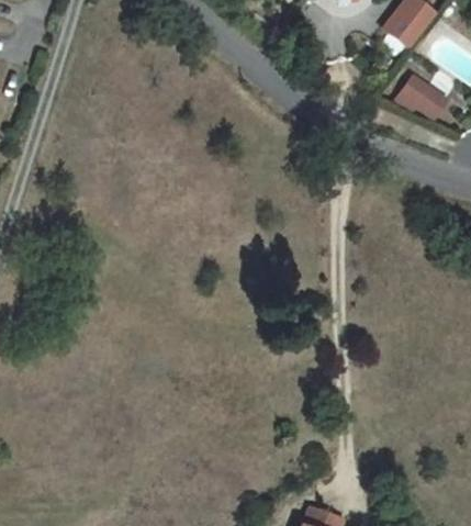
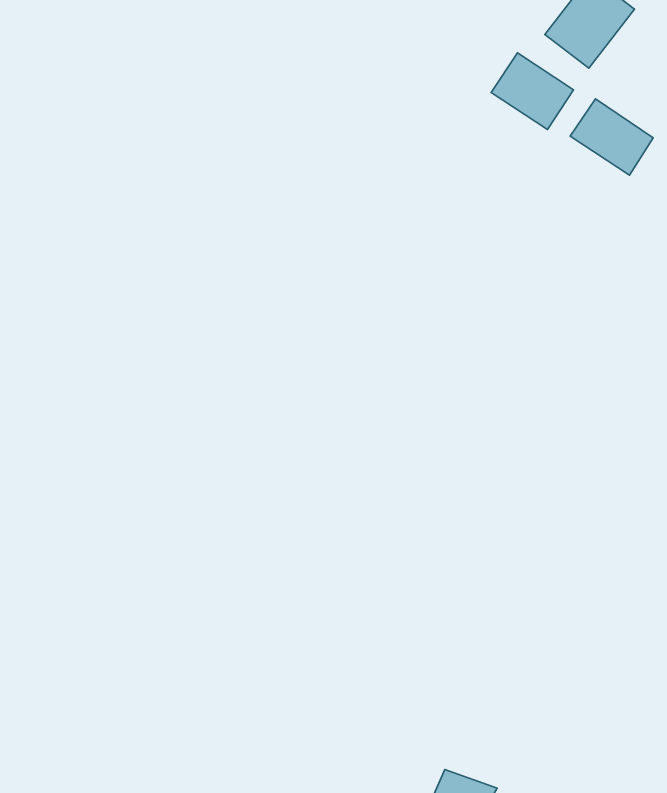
building: none -> [491,53,574,129]

